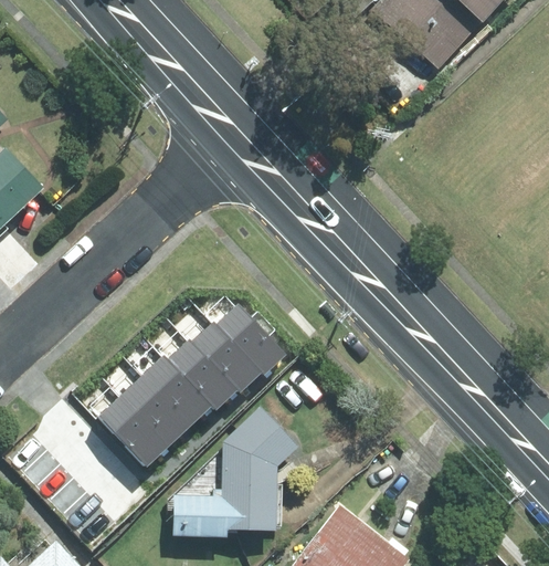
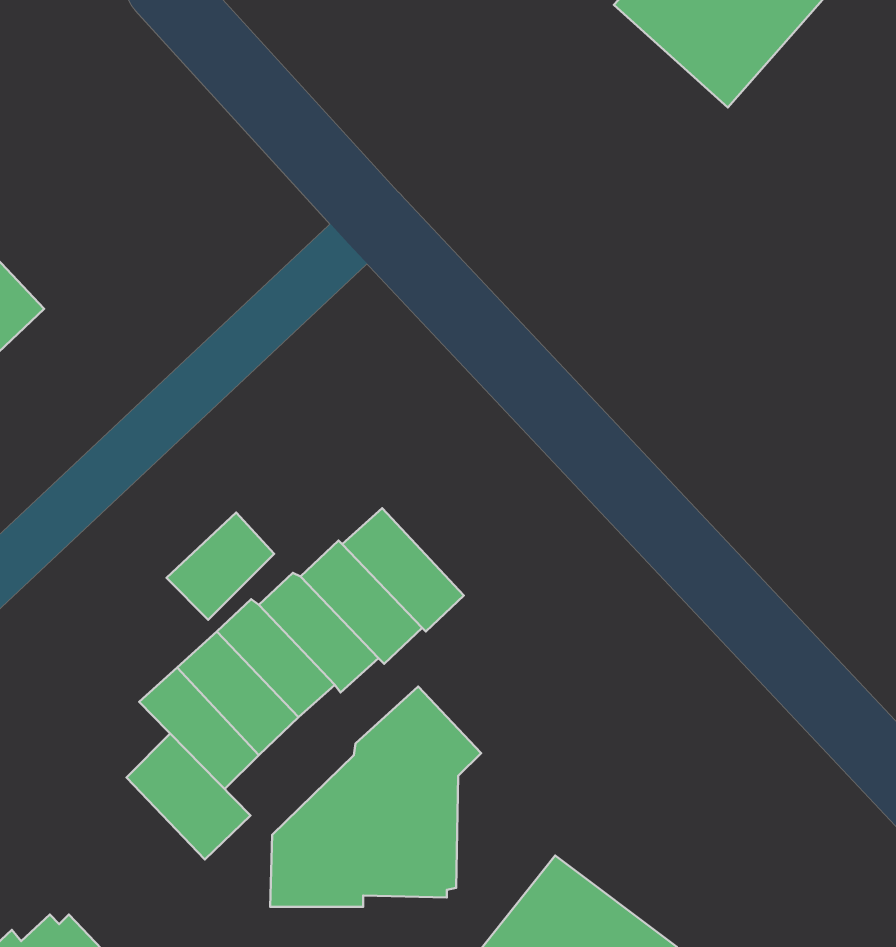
building: none -> [166,513,274,620]
building: none -> [126,734,250,859]

